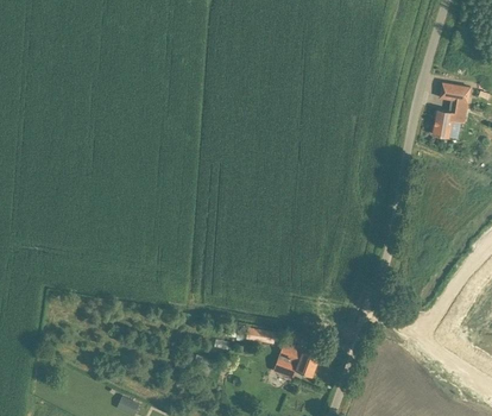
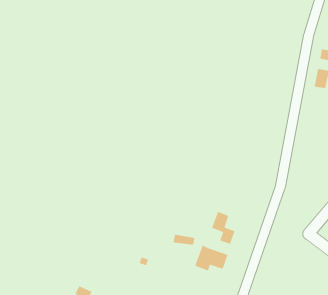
building: none -> [211,211,236,245]

